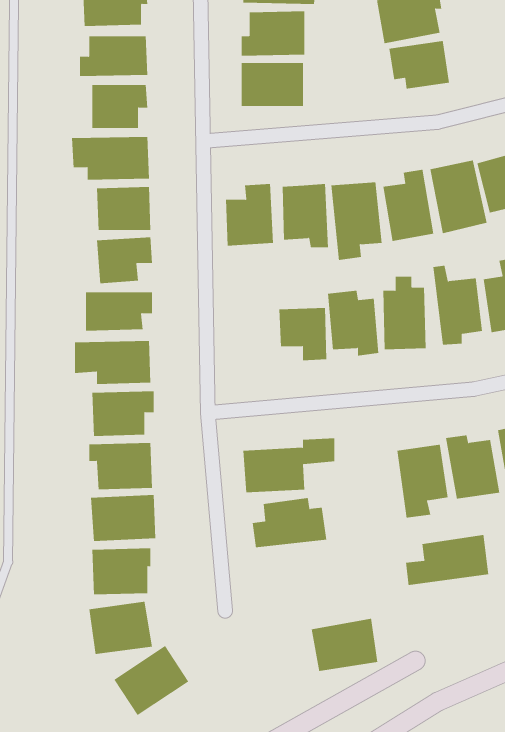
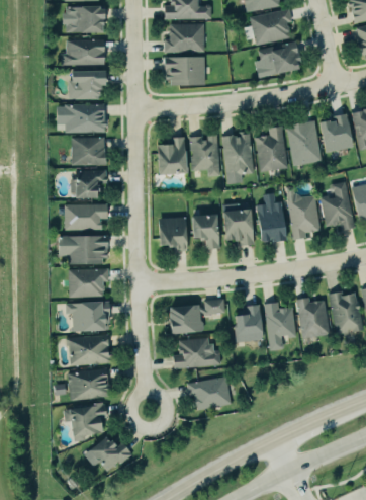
building: none -> [158,218,188,251]
building: none -> [233,304,263,342]
building: [405,534,489,586] -> none
building: [311,618,378,672] -> [189,376,233,410]

